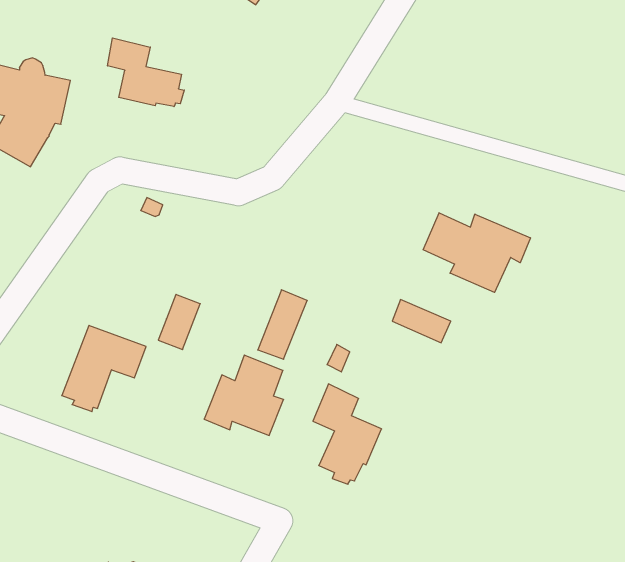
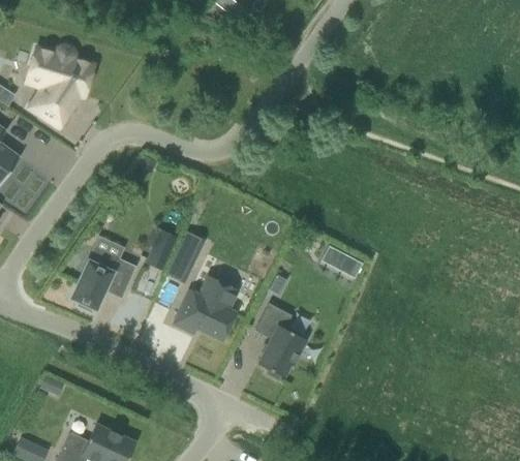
building: [108,38,184,107] -> none
building: [423,213,530,292] -> none
building: [258,290,307,359] -> [165,230,205,282]

